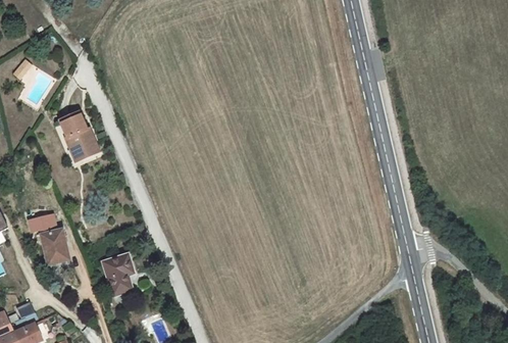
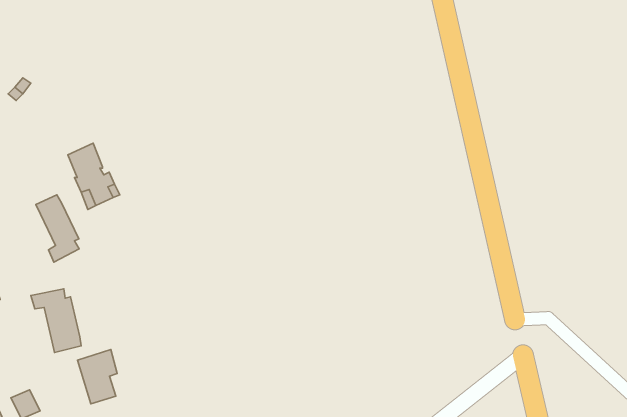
building: none -> [36,195,79,262]
building: [102,253,133,295] -> [78,350,117,404]

